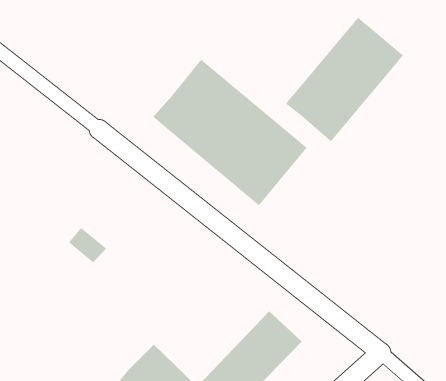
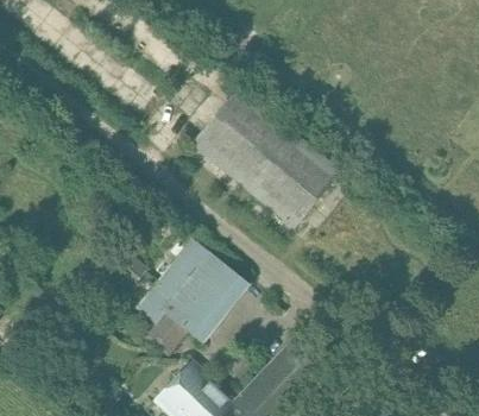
building: [285,17,404,142] -> none
building: none -> [138,240,246,341]

